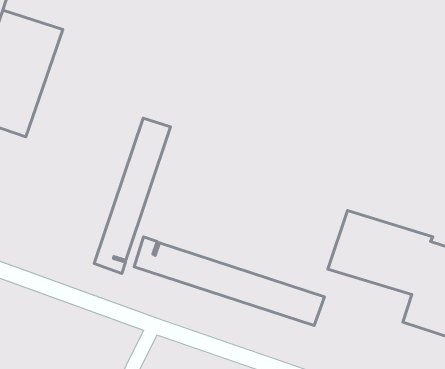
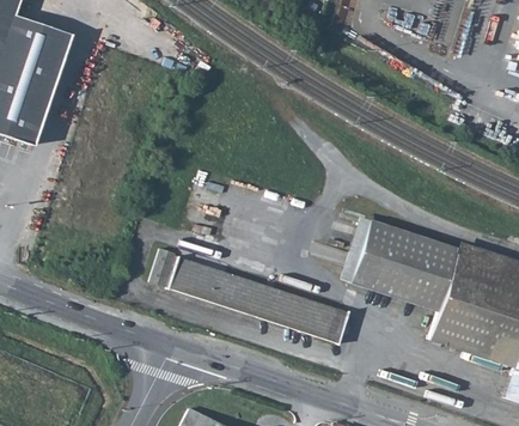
building: [94,118,170,273] -> none

